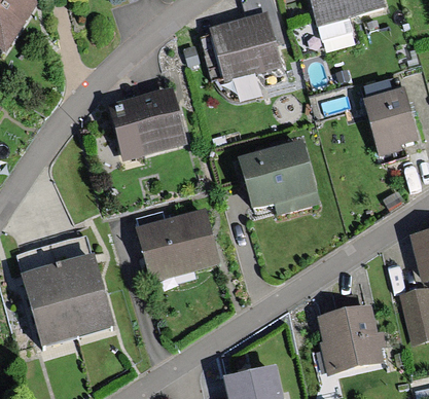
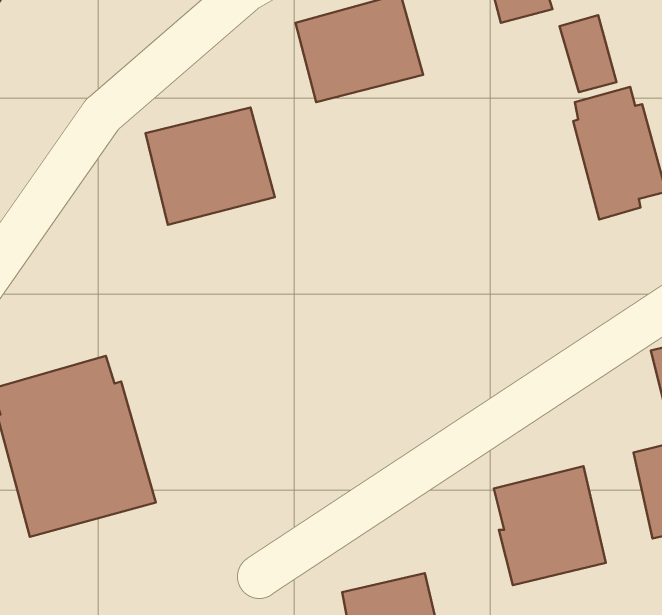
building: none -> [559,15,617,92]
building: [238,152,311,221] -> none
building: [136,210,219,282] -> none

